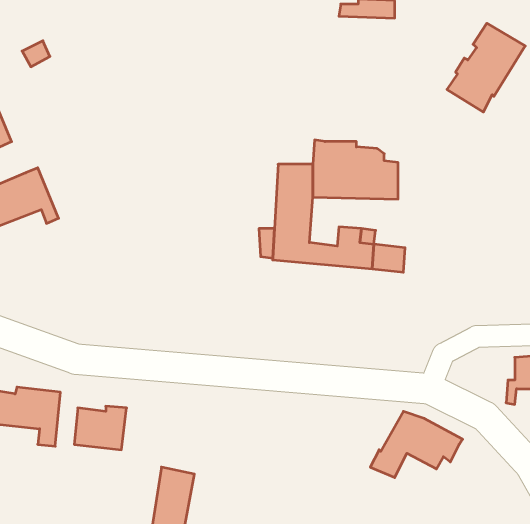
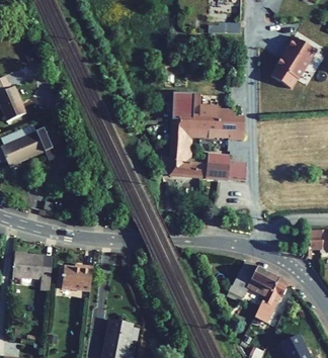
building: none -> [175,94,196,119]
building: none -> [258,282,290,323]

